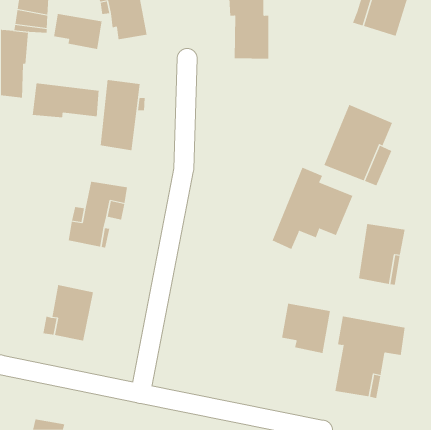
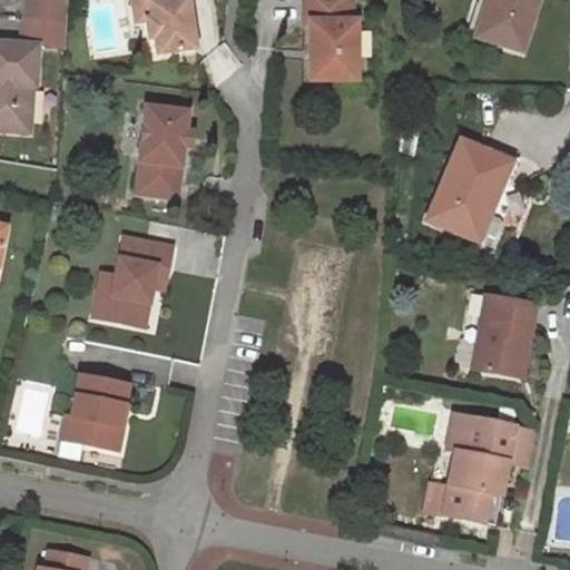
building: [54,13,102,50] -> none
building: [32,82,99,118] -> none
building: [272,167,353,250] -> none
building: [282,303,330,354] -> none

